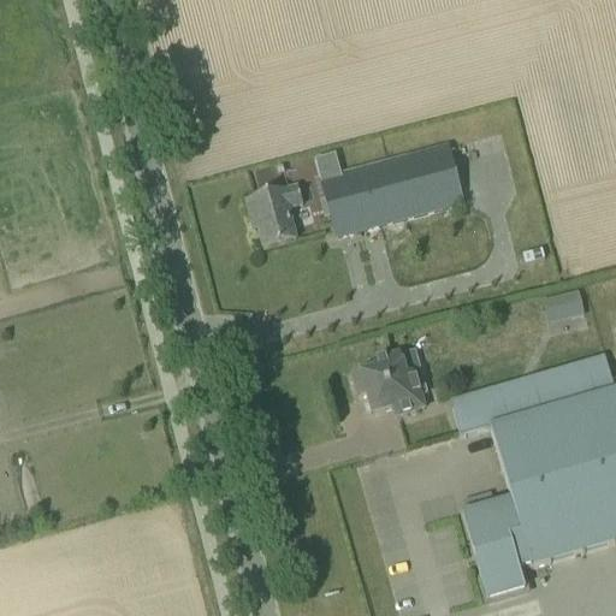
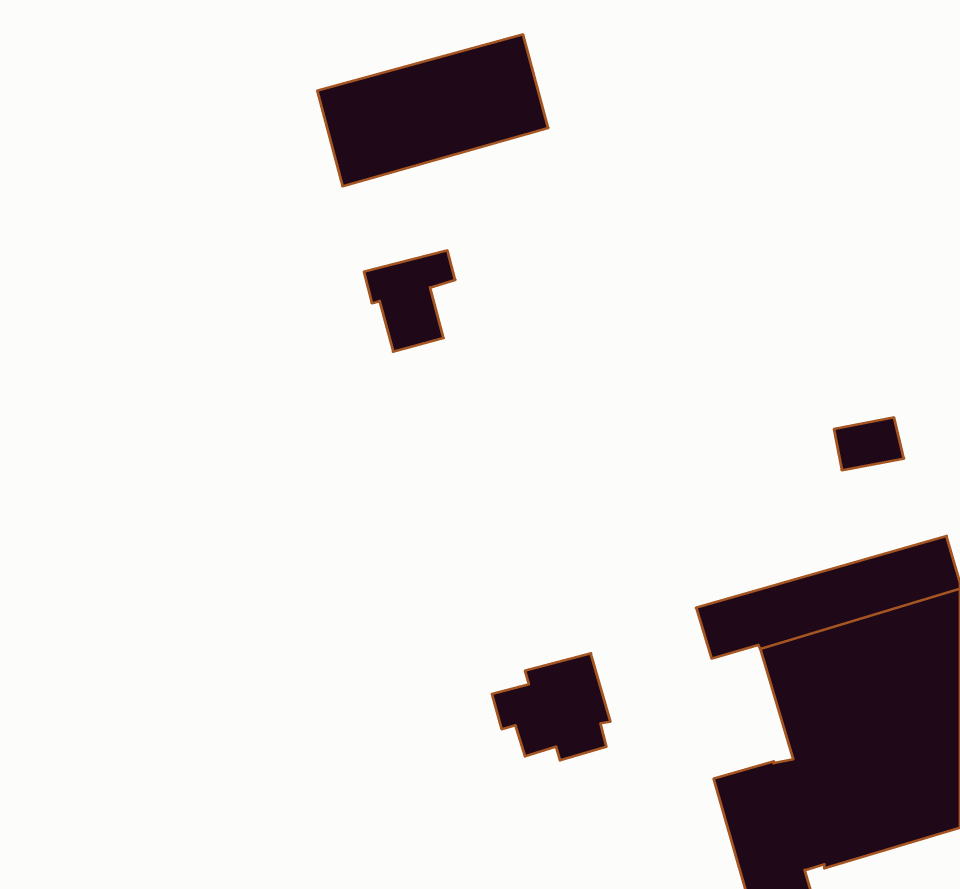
building: [320,141,463,235] -> [317,35,548,186]
building: [353,346,426,413] -> [492,653,610,760]

